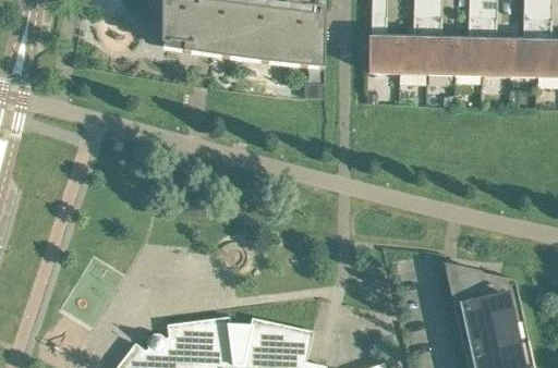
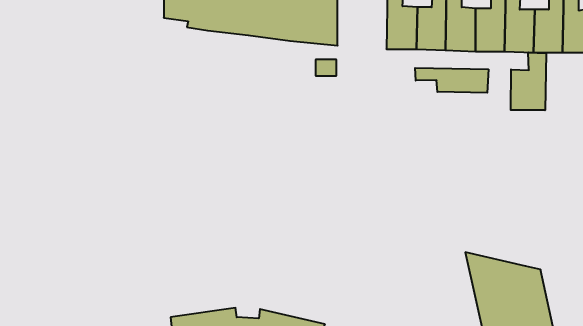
building: none -> [511,52,546,110]
building: none -> [415,68,488,93]

